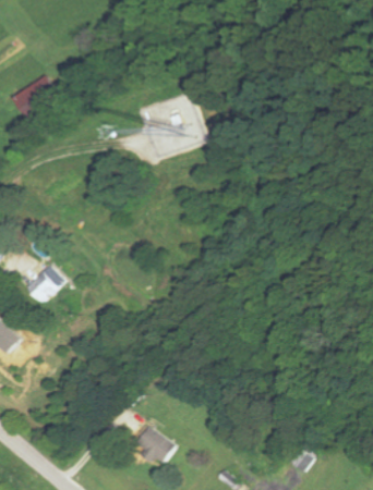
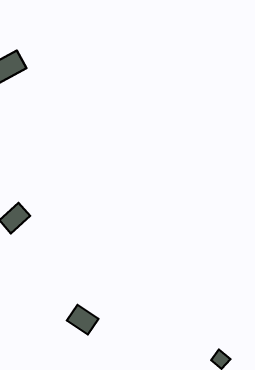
building: [134,425,173,462] -> [67,305,99,335]

